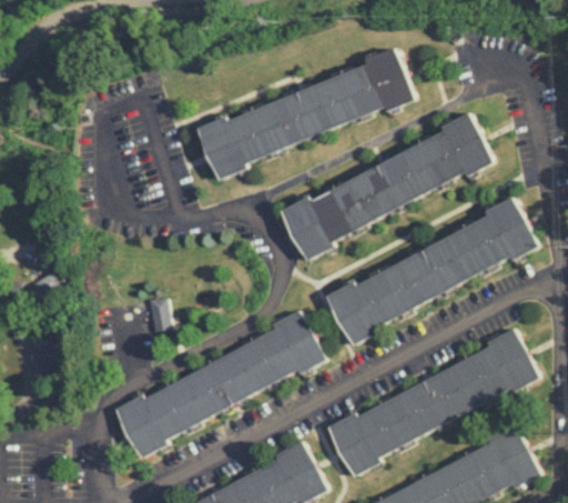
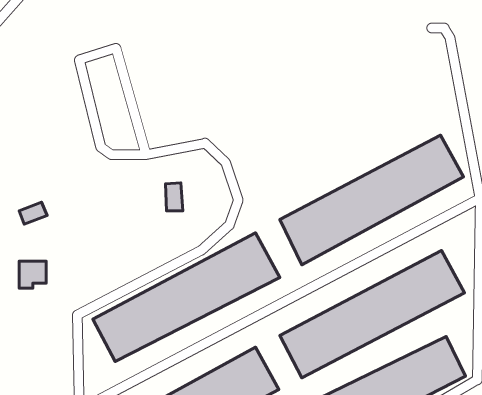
building: [197,49,413,180] -> none
building: [282,114,493,261] -> none
building: [150,299,170,331] -> [165,183,183,211]

